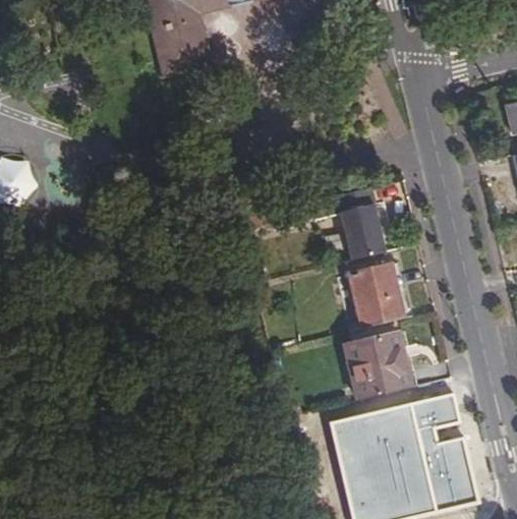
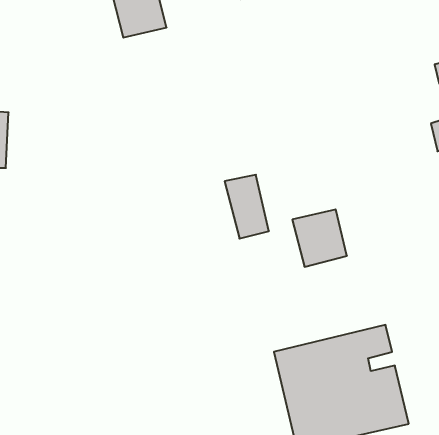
building: [334,189,383,259] -> [225,175,269,239]
building: [348,332,415,396] -> none

